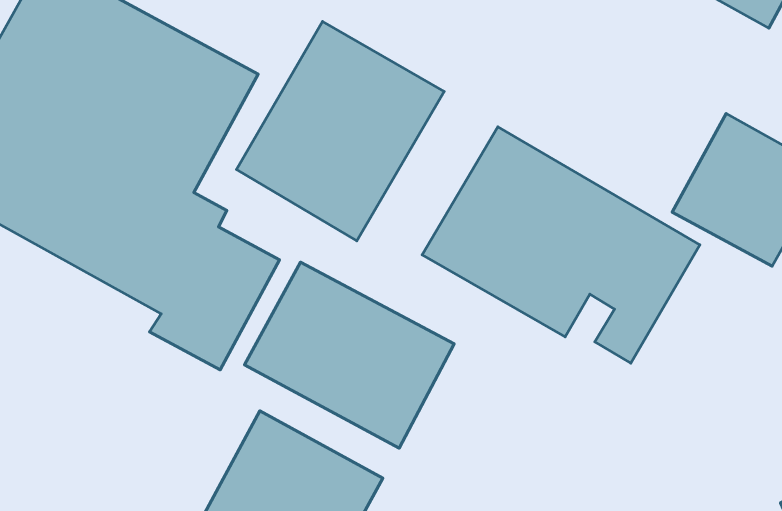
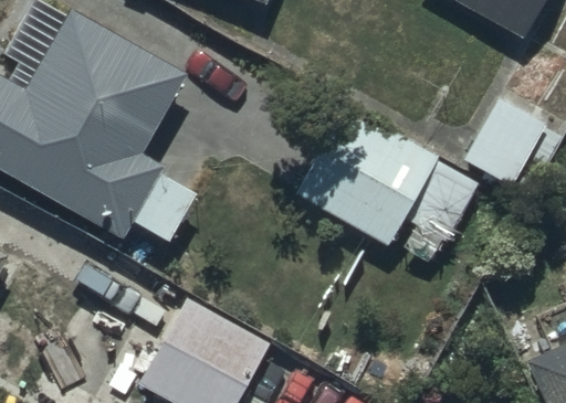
building: [237,21,444,241] -> none
building: [244,262,454,448] -> none

